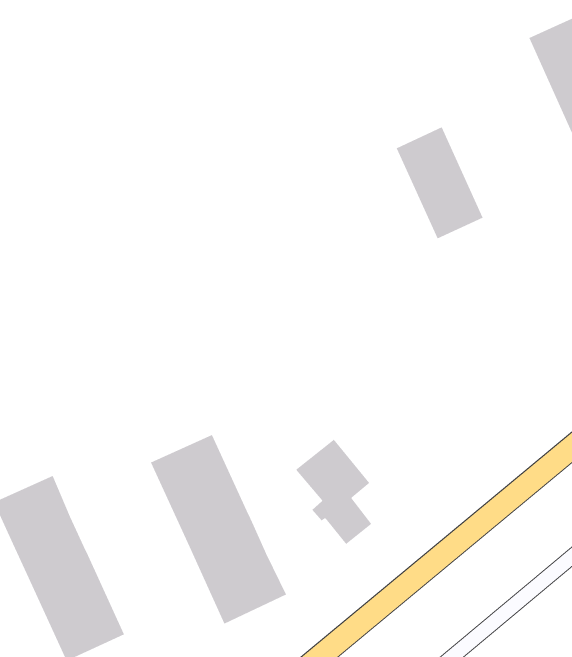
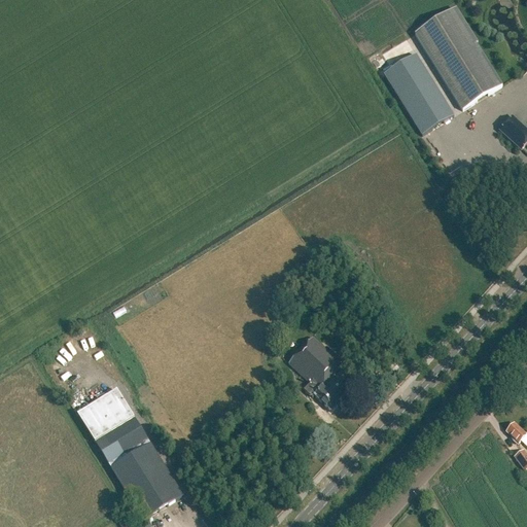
building: [396,127,484,239] -> [382,51,451,132]
building: [150,434,287,624] -> none

